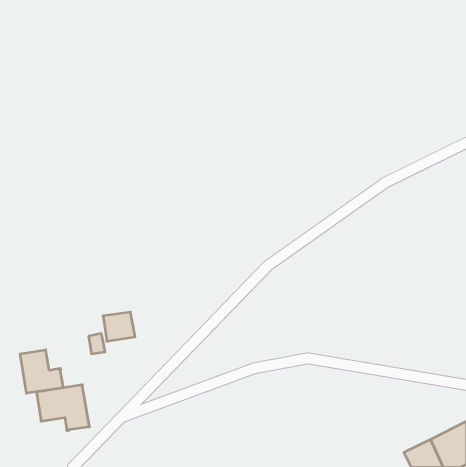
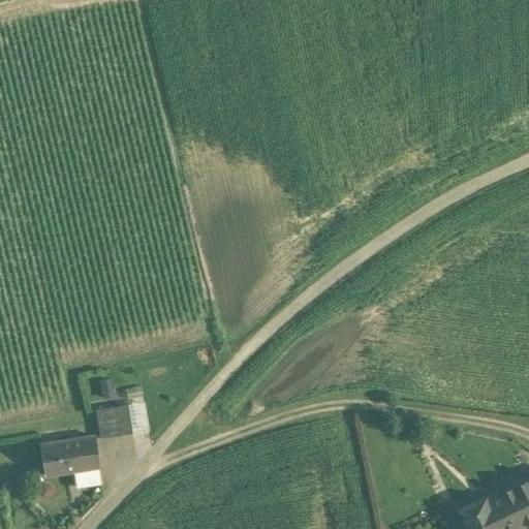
building: [103,312,135,341] -> [97,405,133,438]
building: [20,350,63,393] -> none

